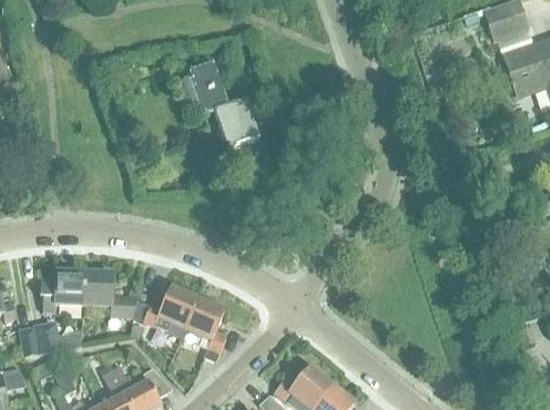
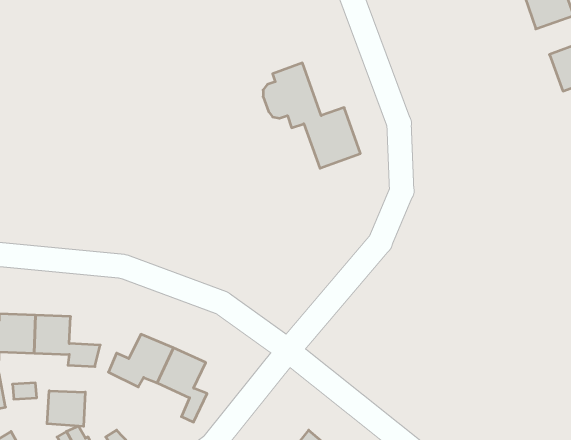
building: [180,60,259,146] -> [263,63,360,168]
building: none -> [47,391,85,426]

